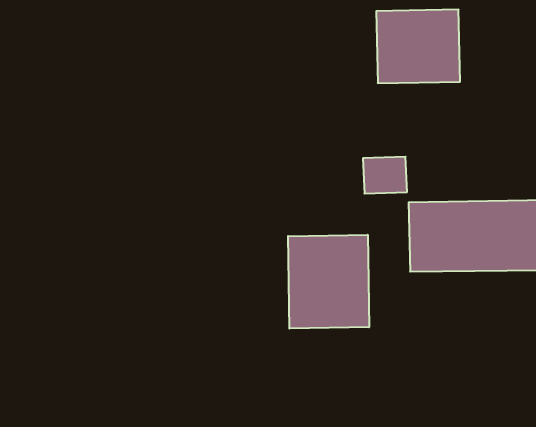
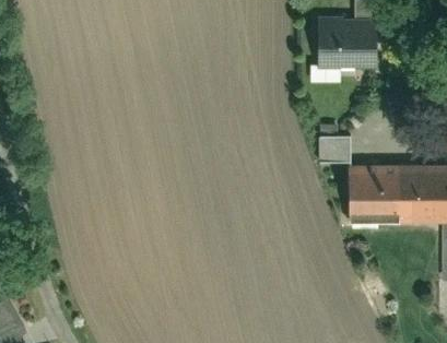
building: [288,235,369,329] -> none

